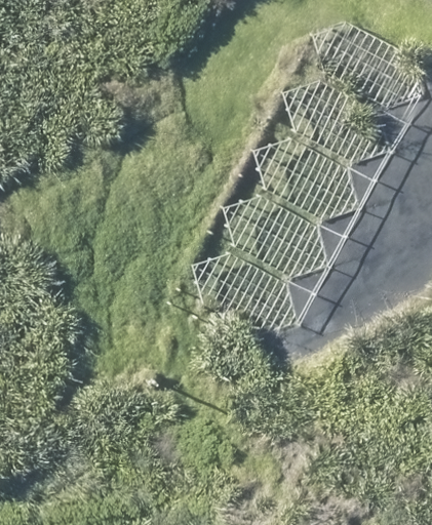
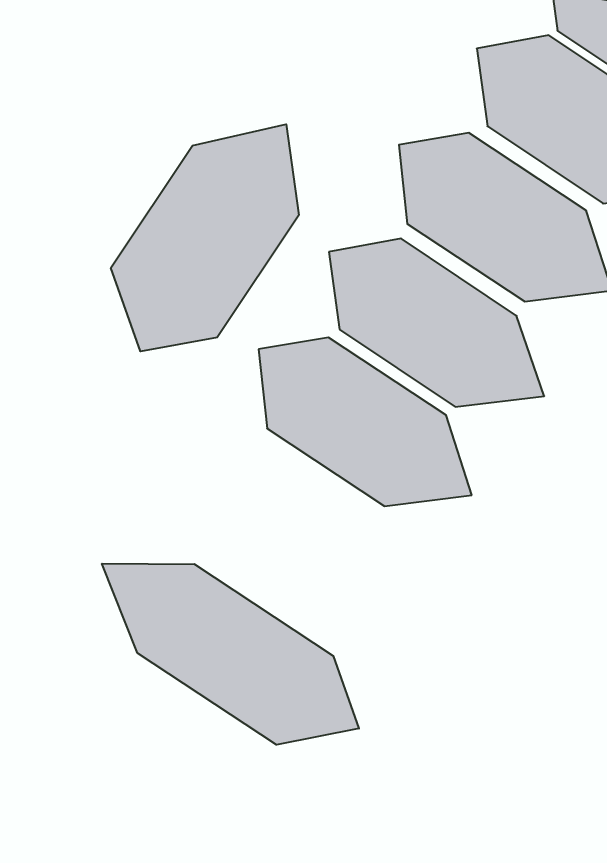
building: none -> [111,124,299,351]
building: none -> [102,564,359,745]

